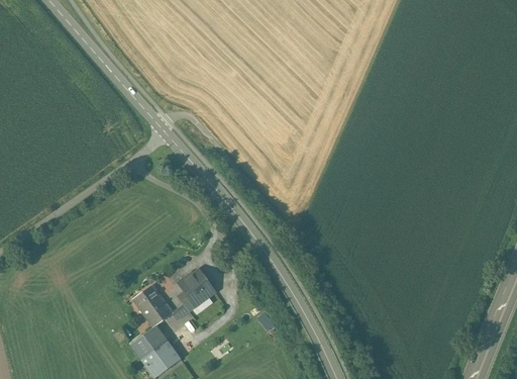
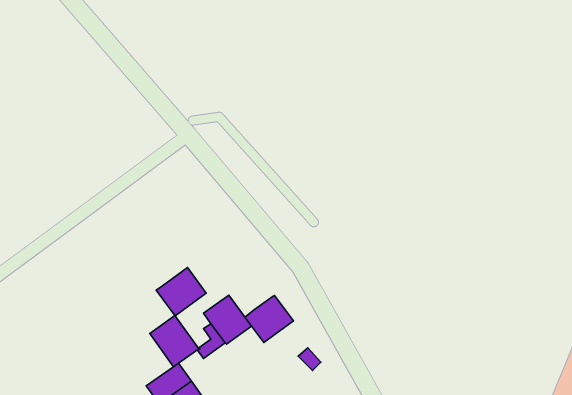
building: none -> [156,267,206,316]
building: none -> [245,296,293,342]

